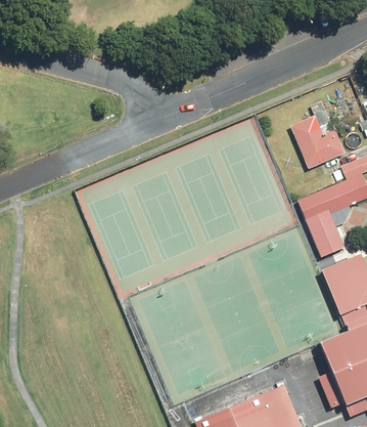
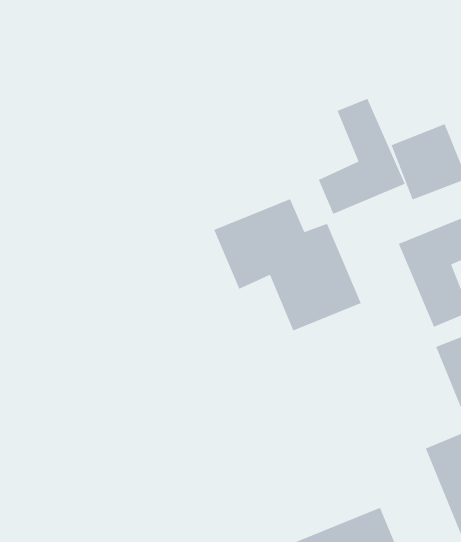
building: none -> [318,98,406,215]
building: none -> [213,198,362,331]

